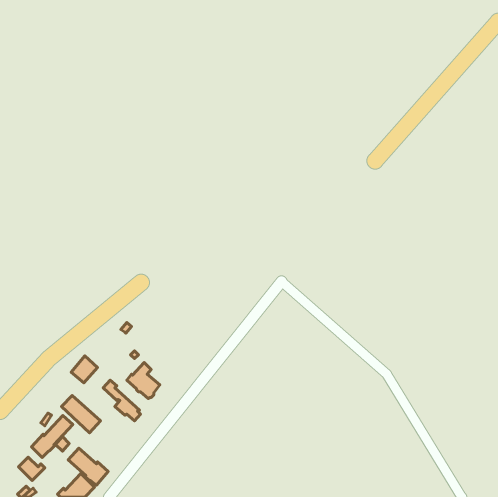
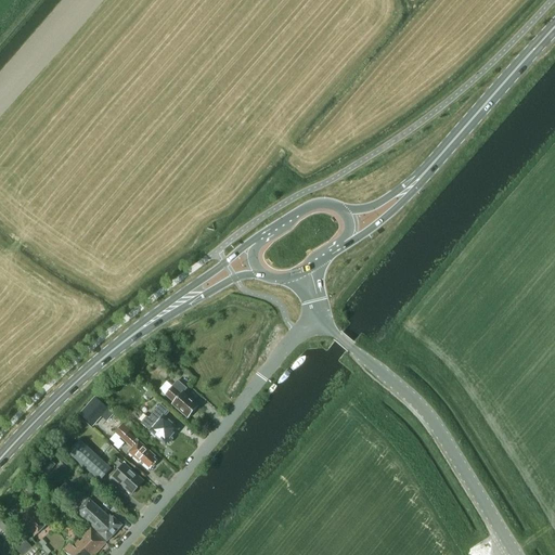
building: none -> [164,380,197,417]
building: [32,416,73,458] -> none
building: none -> [113,463,144,493]

